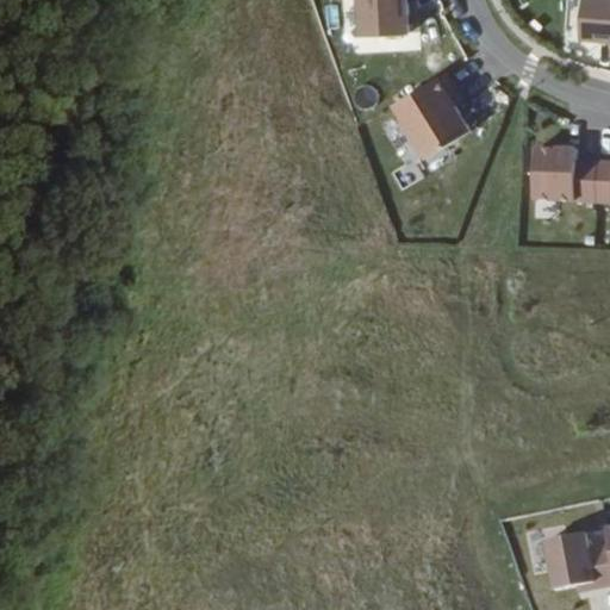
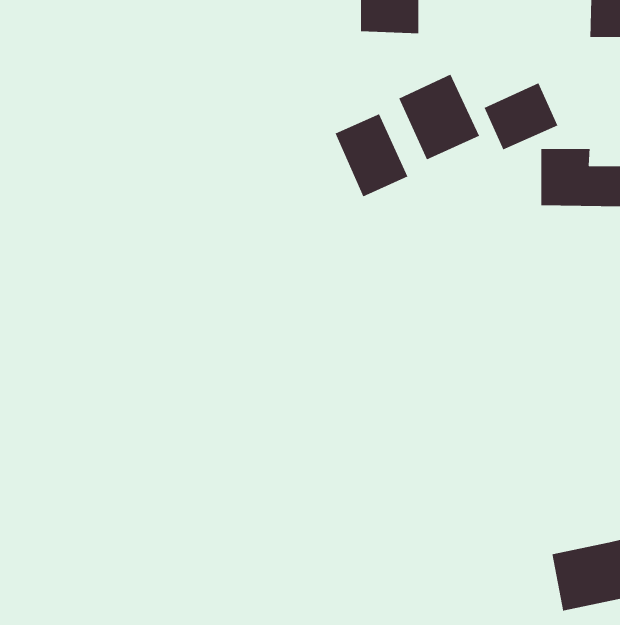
building: none -> [484,82,559,150]
building: none -> [334,113,408,198]

